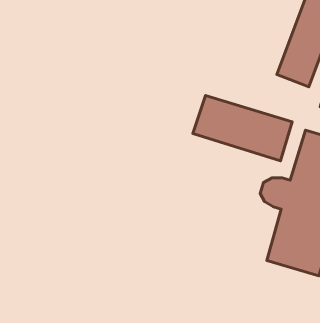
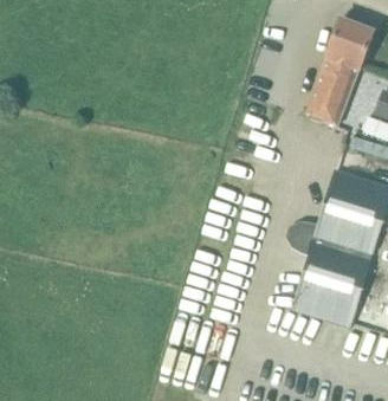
building: [193,95,292,161] -> none

